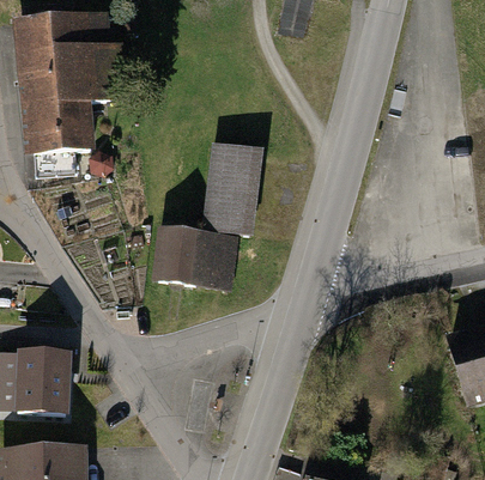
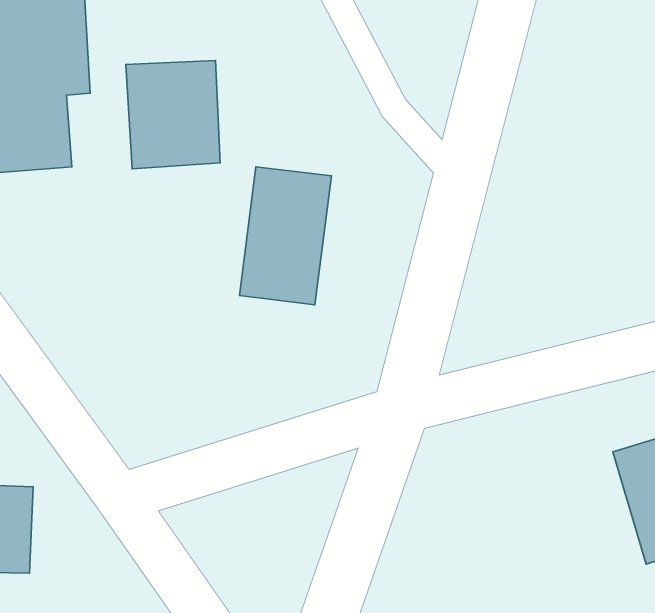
building: none -> [126,60,220,169]
building: [158,227,236,286] -> none

